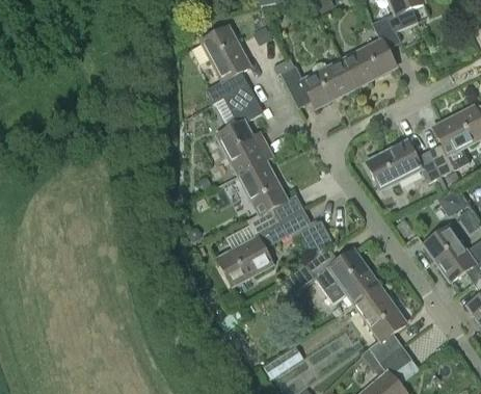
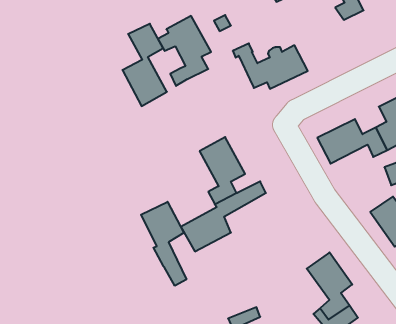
building: [342,18,401,87] -> none
building: [217,85,266,176] -> [122,24,167,106]
building: [300,217,335,252] -> none
building: none -> [141,202,186,286]
building: [286,248,380,305] -> none

